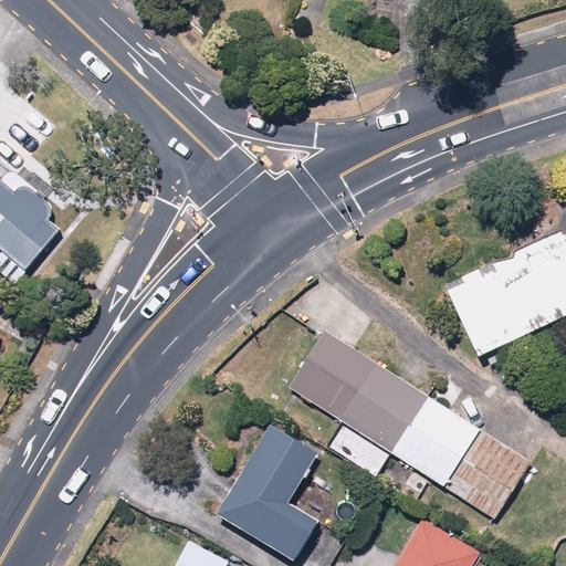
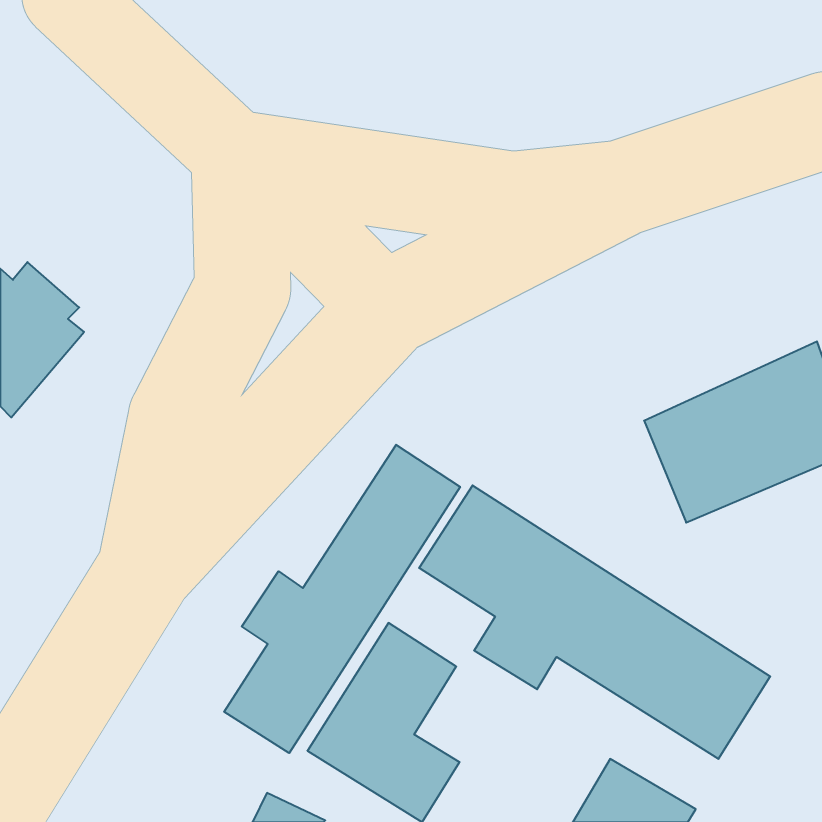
building: none -> [224,445,460,753]

